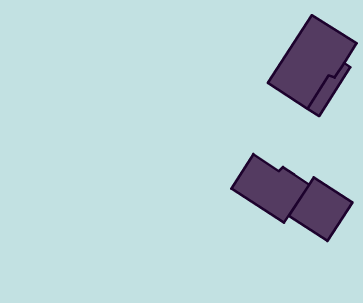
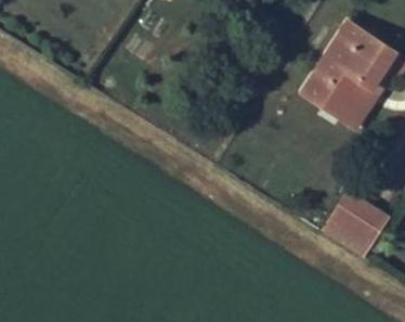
building: [231,154,309,223] -> none

